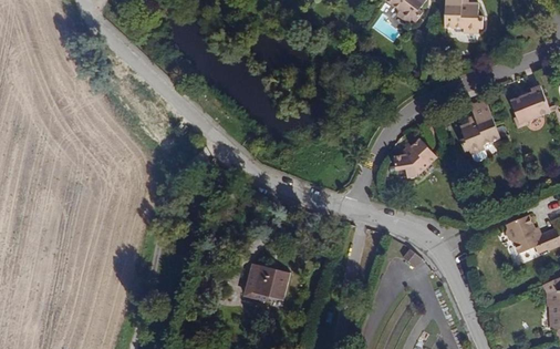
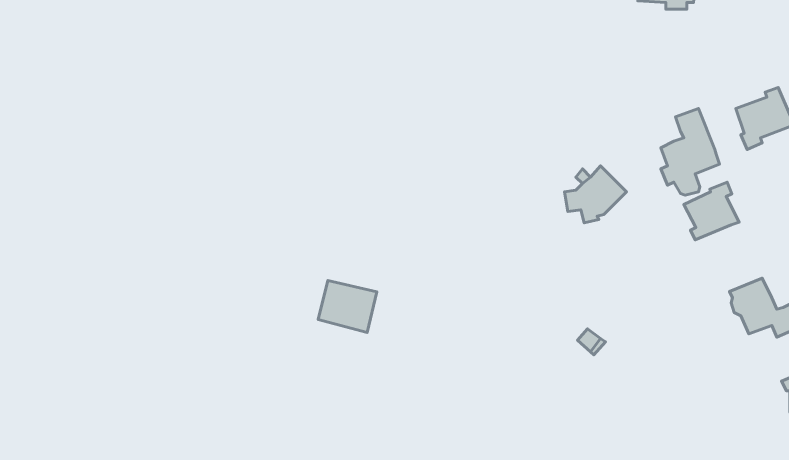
building: none -> [684,182,739,240]
building: [250,265,290,300] -> [318,280,377,333]

